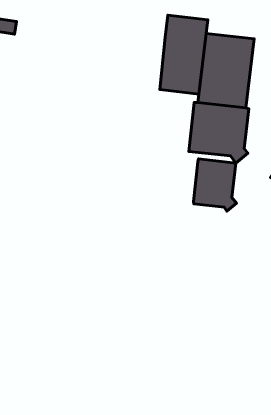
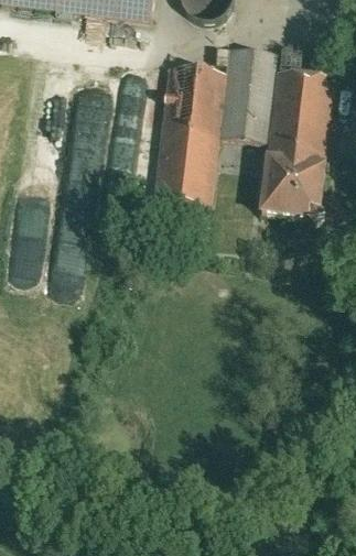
building: none -> [155,64,227,198]
building: [193,159,236,211] -> none

